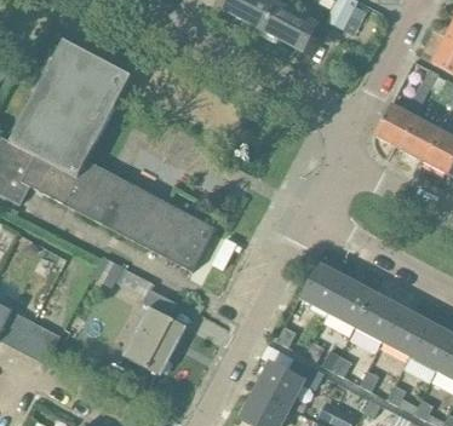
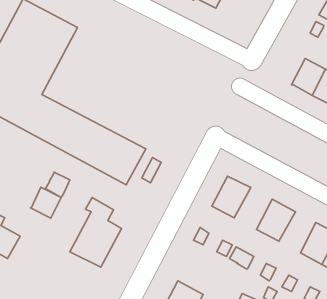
building: [373,102,414,148] -> none
building: none -> [30,187,61,218]
building: [326,276,373,328] -> none
building: [382,306,428,357] -> none
building: [256,361,322,409] -> none

